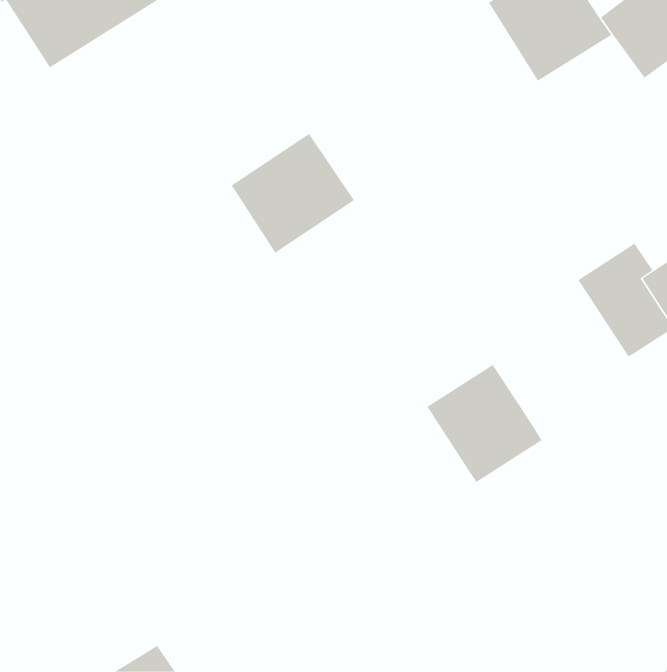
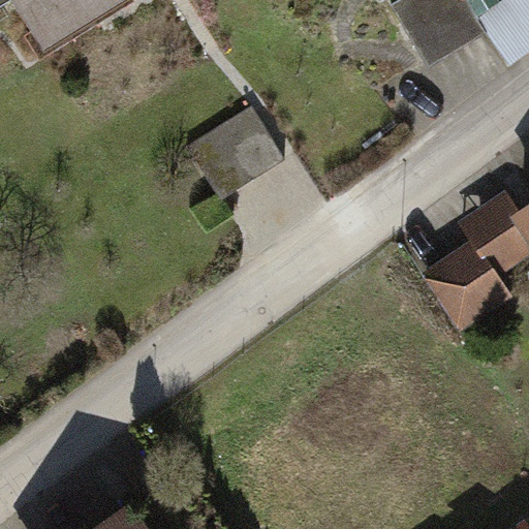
building: [426,364,542,483] -> [421,238,510,330]

